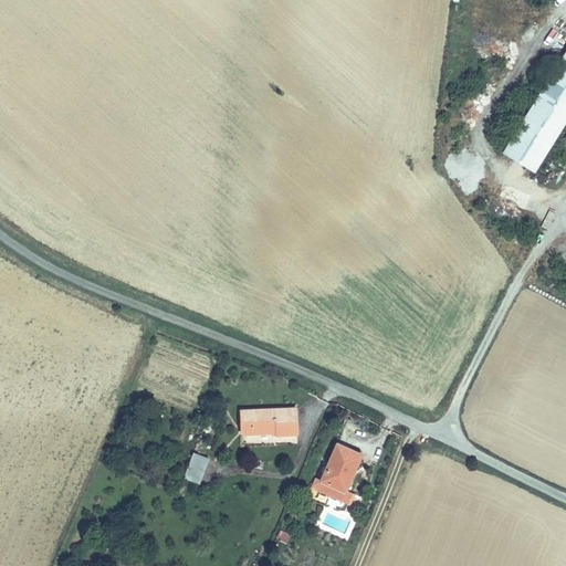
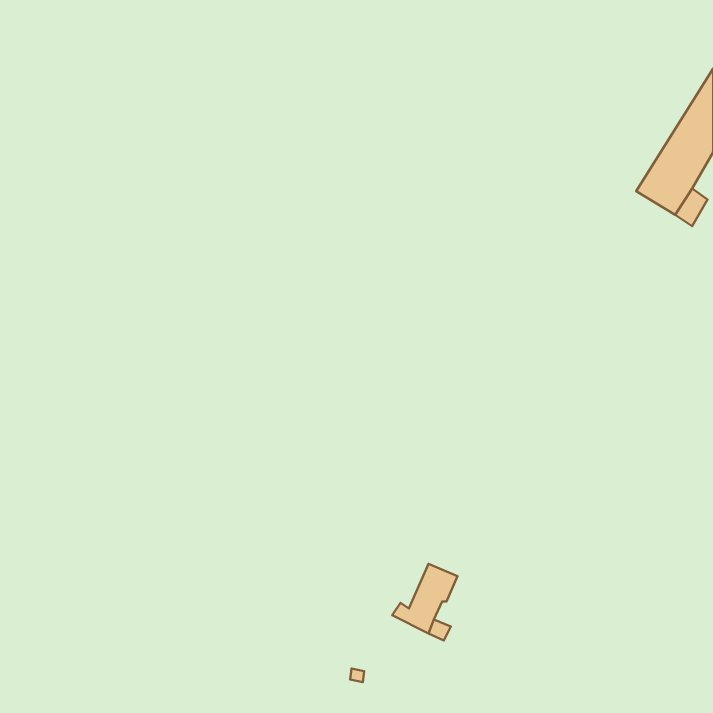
building: [242,410,296,436] -> none
building: [186,452,209,483] -> none

